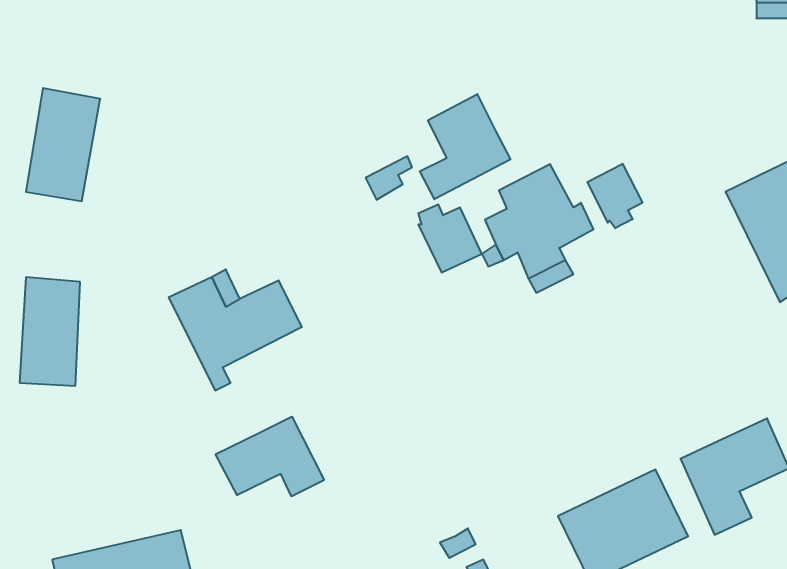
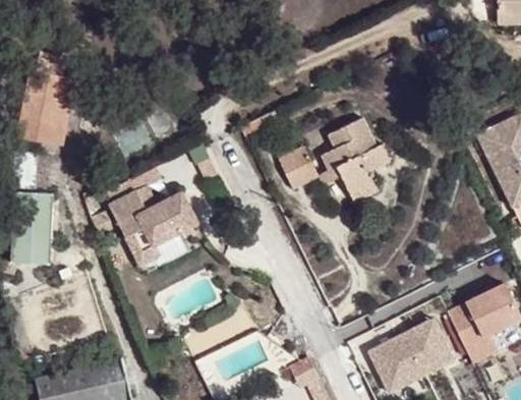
building: [420,94,510,199] -> none
building: [587,164,642,228] -> none
building: [216,417,324,496] -> none

